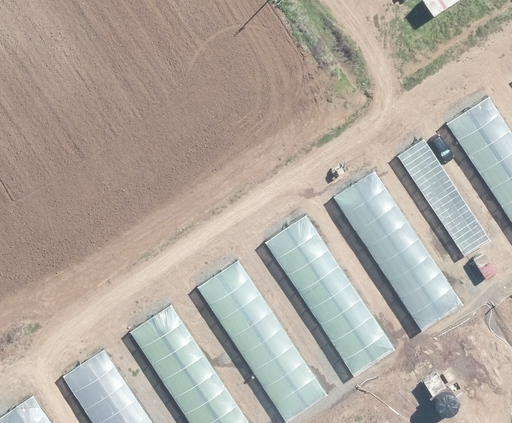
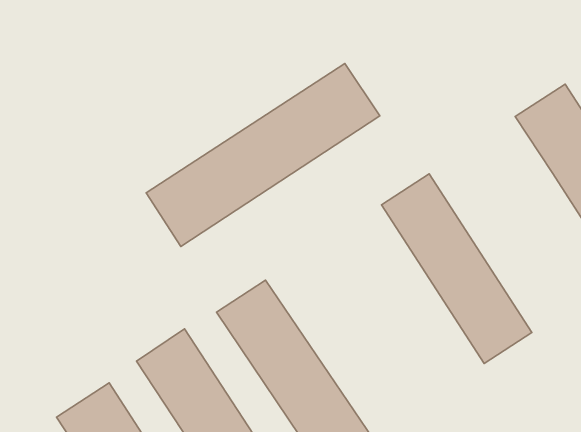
building: none -> [146,63,380,246]
building: [395,137,493,258] -> none
building: [265,216,394,376] -> none

